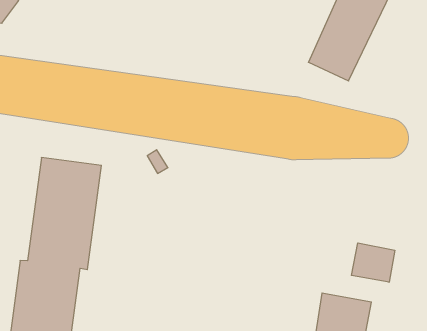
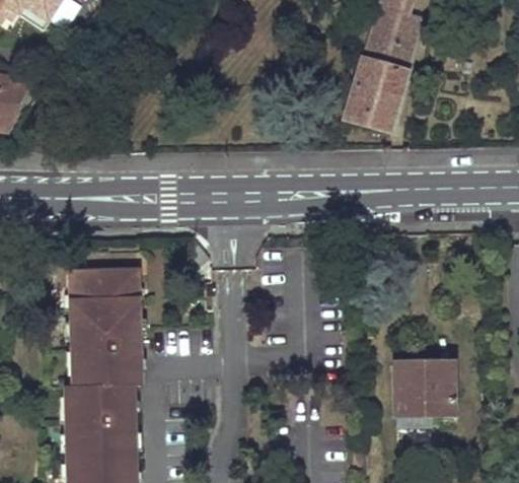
building: [351,243,395,282] -> none

